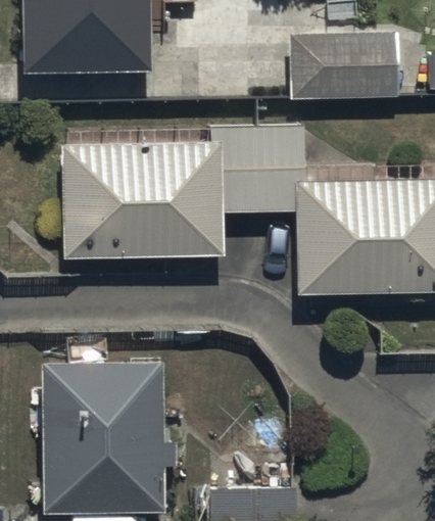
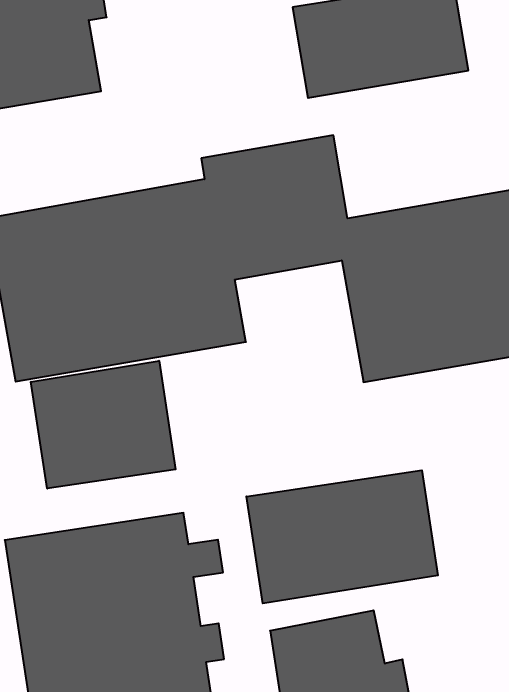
building: none -> [31,361,176,489]
building: none -> [246,470,438,603]

